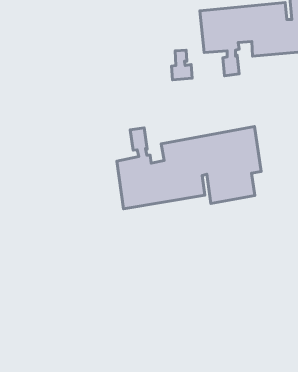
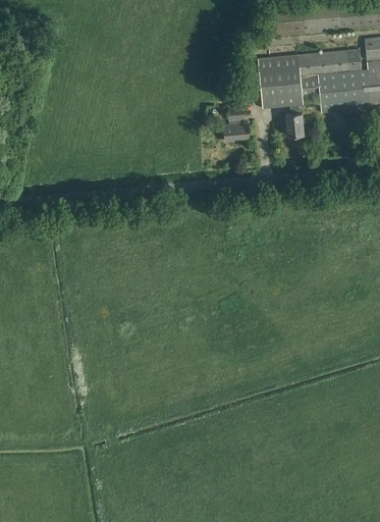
building: [117,127,261,209] -> none

